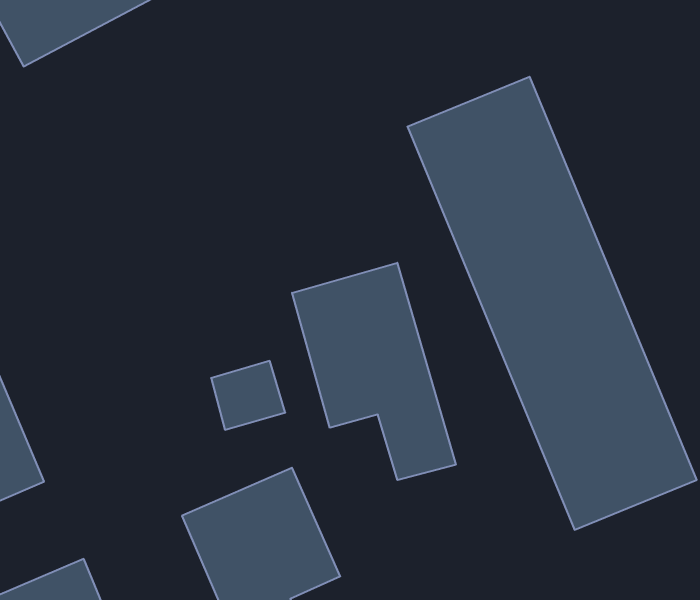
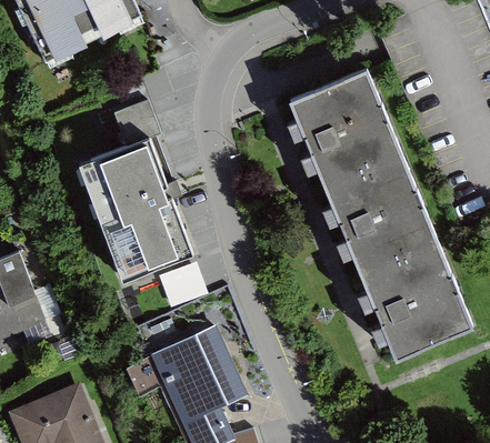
building: none -> [63,139,183,283]
building: [292,263,456,480] -> none

